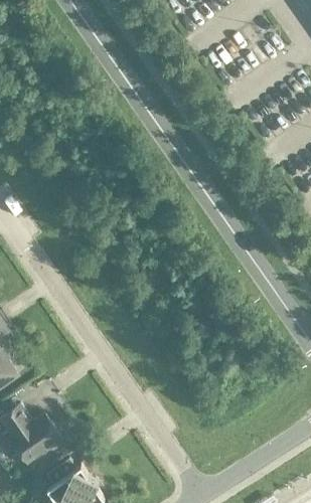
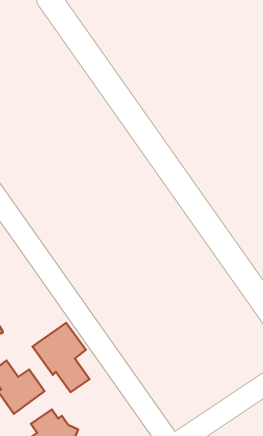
building: none -> [32,323,89,392]

